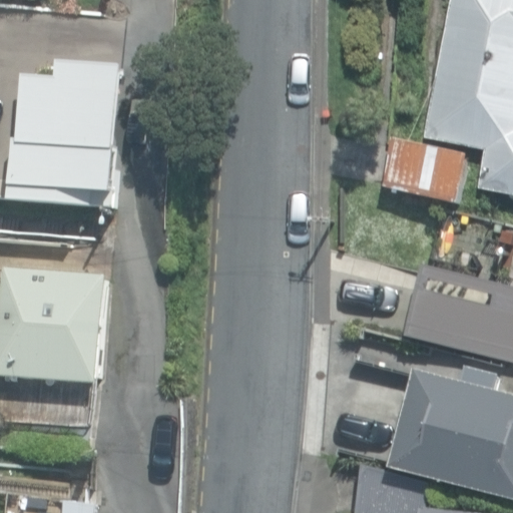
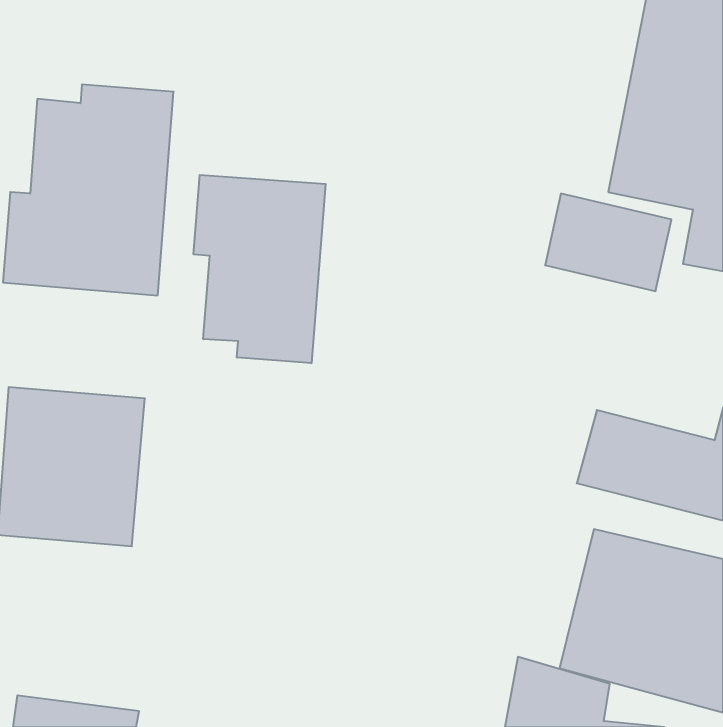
building: none -> [194,175,326,363]

